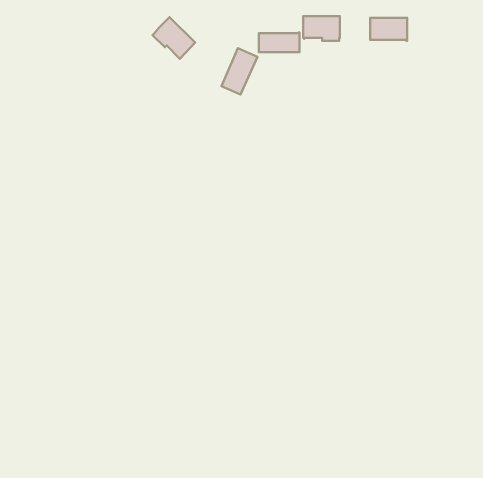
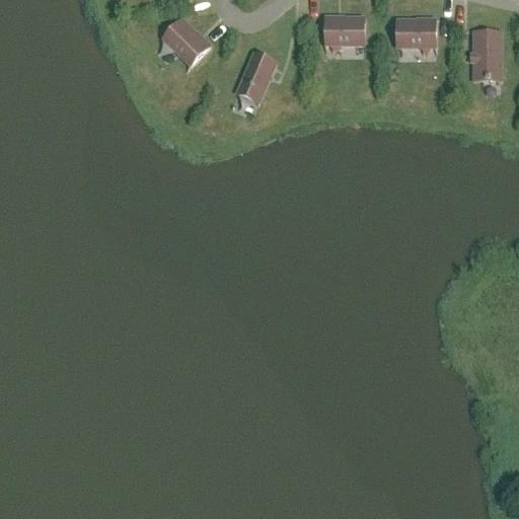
building: none -> [470,30,501,79]
building: [259,32,299,52] -> none

